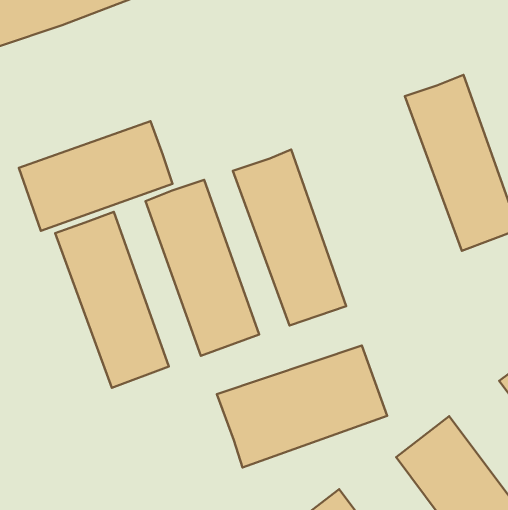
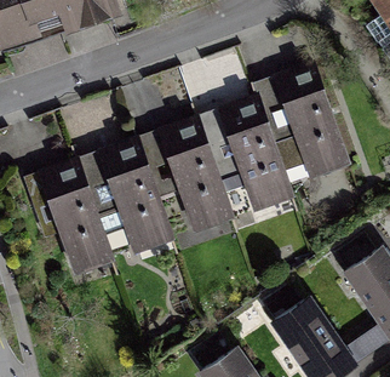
building: none -> [220,91,298,211]
building: [19,121,172,231] -> none
building: [217,346,387,468] -> none

